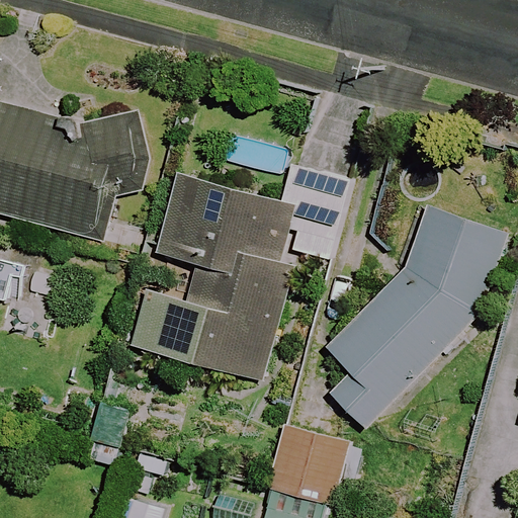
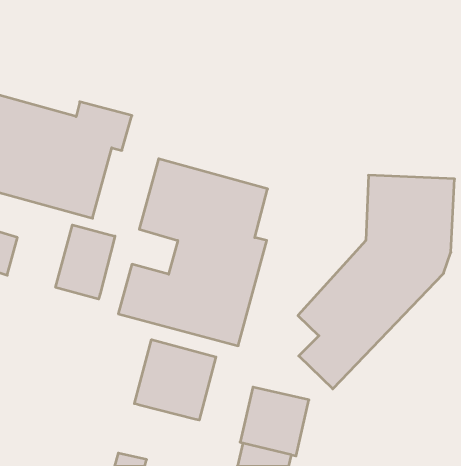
building: none -> [56,225,115,299]
building: none -> [134,340,216,420]

